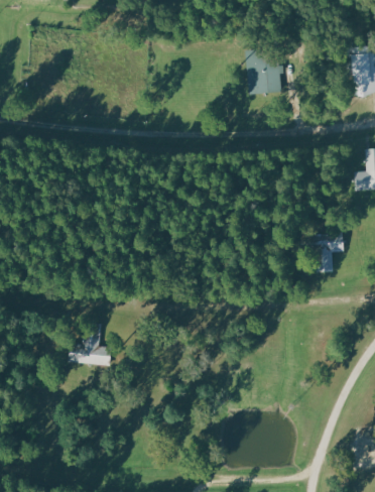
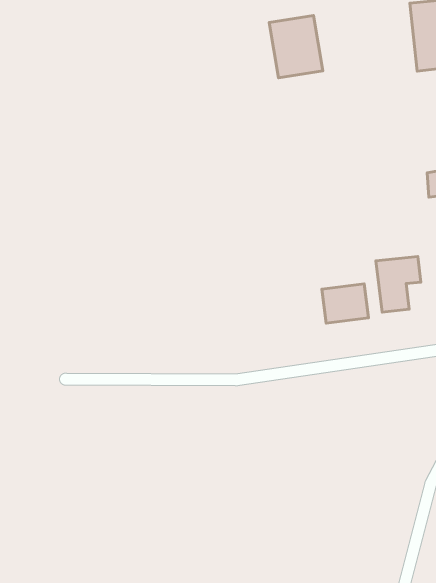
building: none -> [322,284,369,323]
building: [70,344,113,365] -> none

